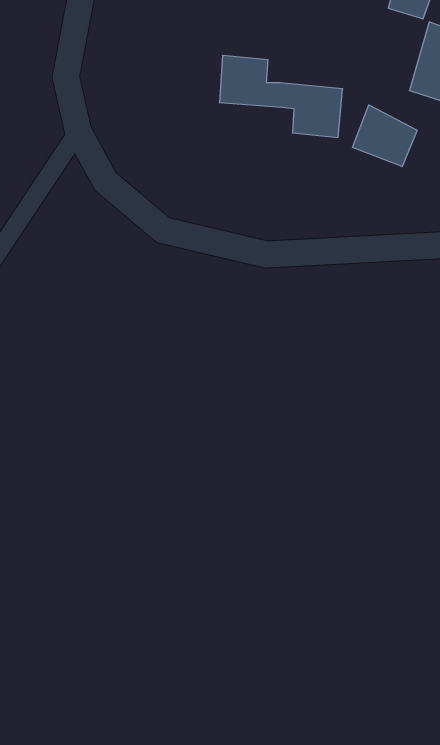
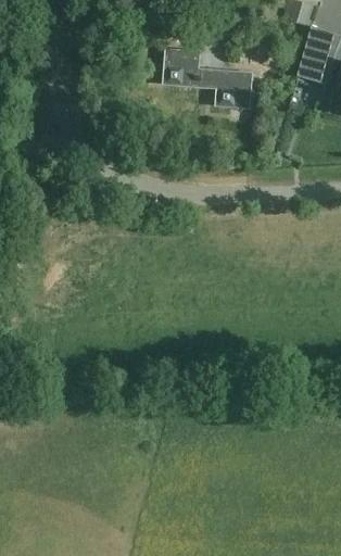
building: [352,105,417,167] -> none

